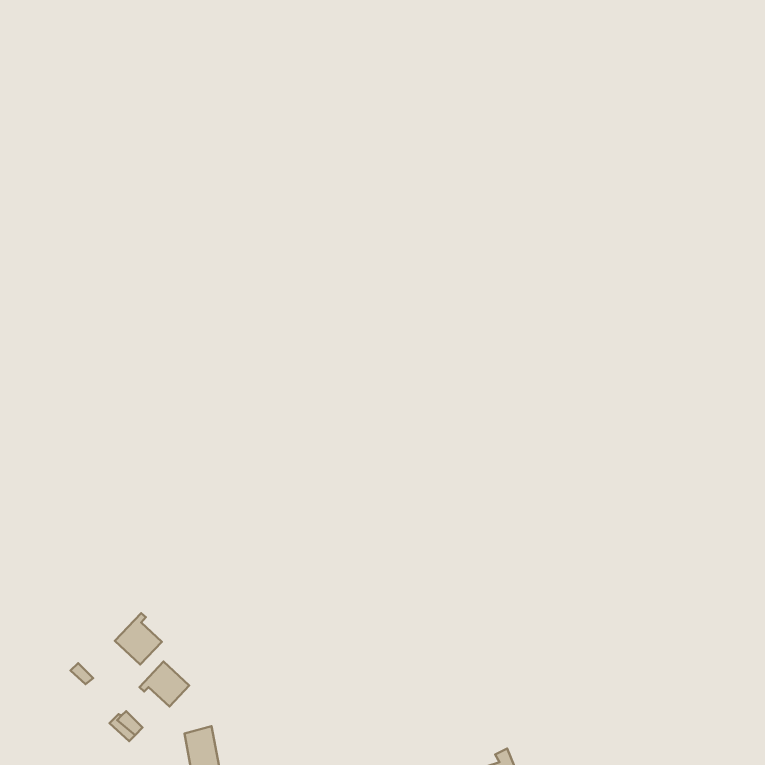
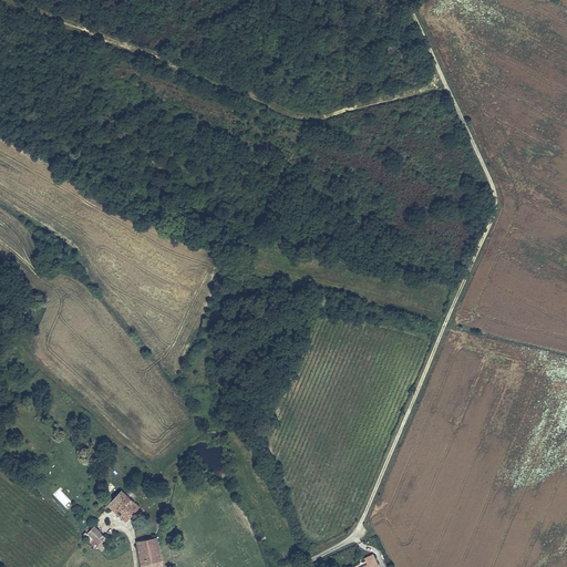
building: [115,613,162,665] -> none

